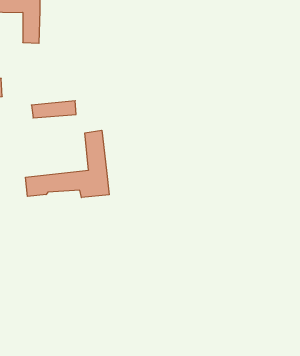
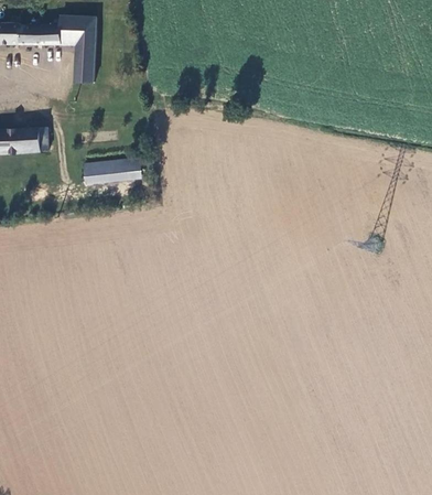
building: [26,130,109,198] -> none

